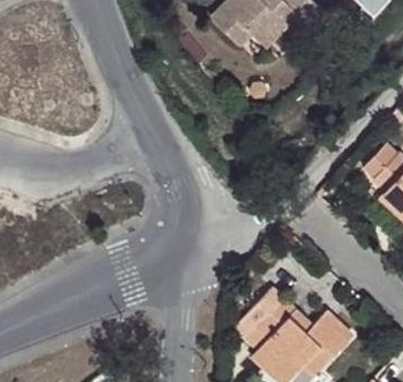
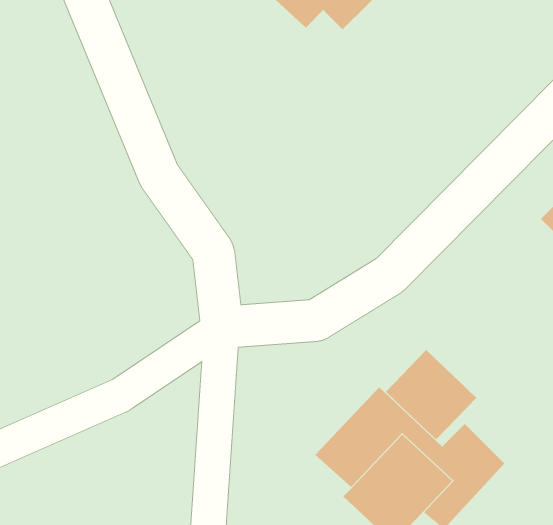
building: none -> [385,349,477,440]

